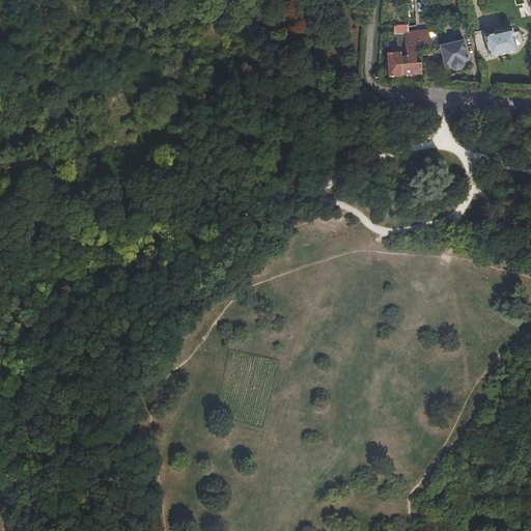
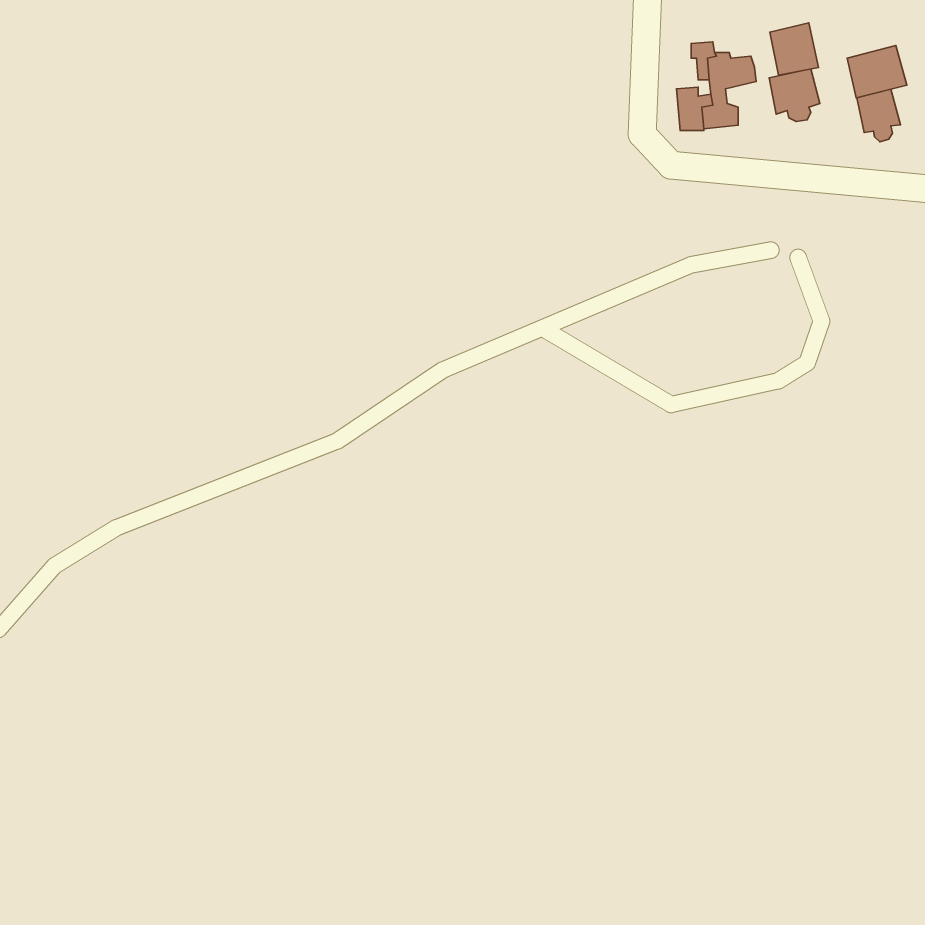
building: none -> [770,23,818,75]
building: none -> [857,89,900,142]

